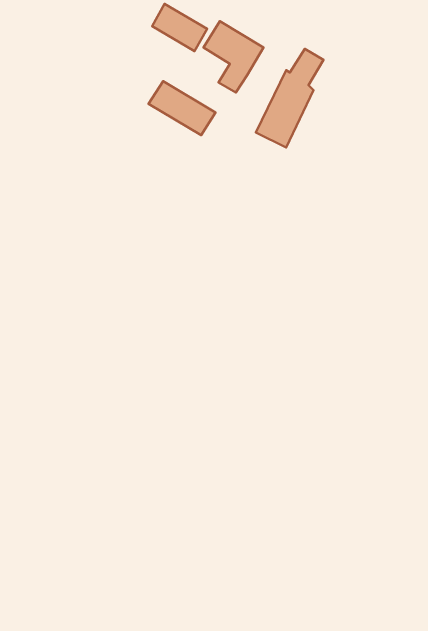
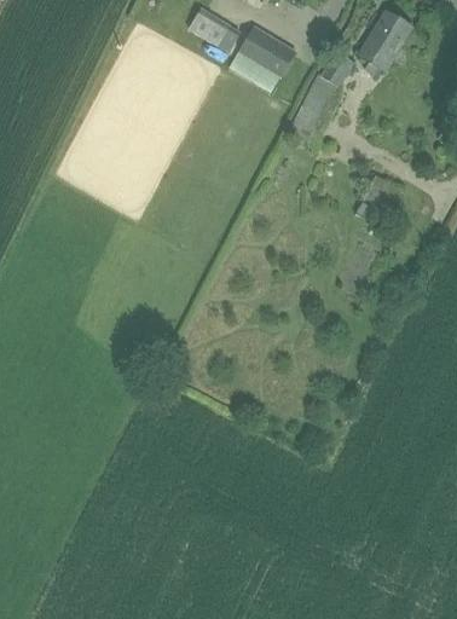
building: none -> [358,10,411,69]
building: [149,81,216,135] -> none

